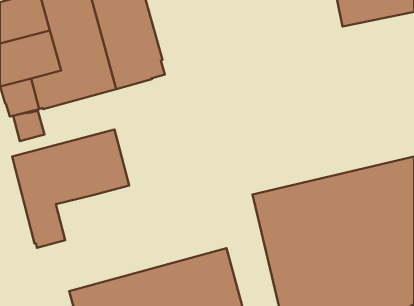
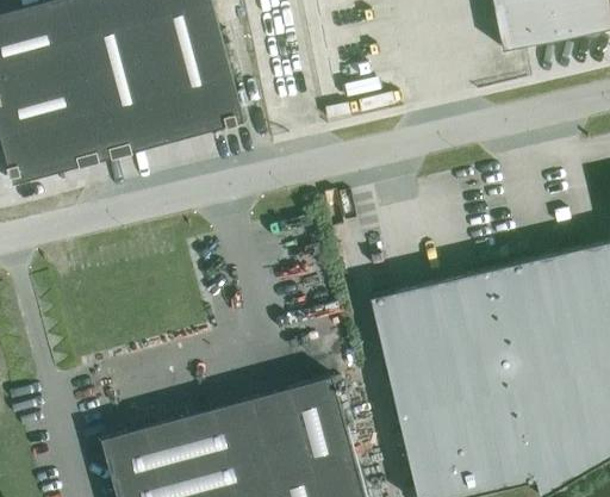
building: [13,111,45,141] -> none
building: [12,129,129,248] -> none

